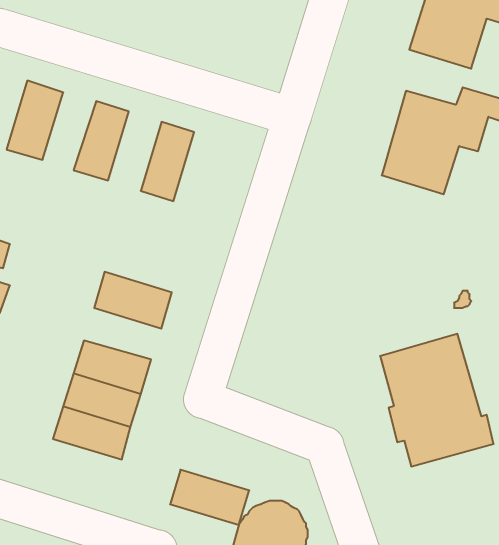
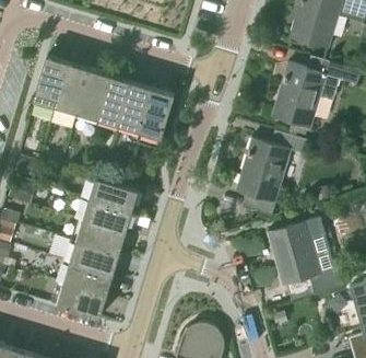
building: none -> [55,65,88,114]
building: none -> [96,77,130,127]
building: none -> [138,90,173,140]
building: none -> [234,136,310,217]
building: none -> [81,201,130,234]
building: [170,470,249,525] -> [55,285,105,320]

